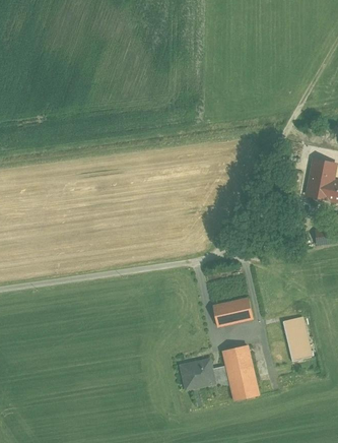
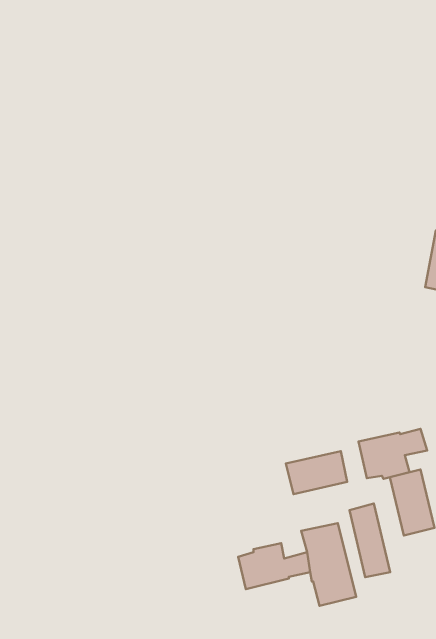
building: none -> [358,429,427,479]
building: none -> [349,504,390,577]

